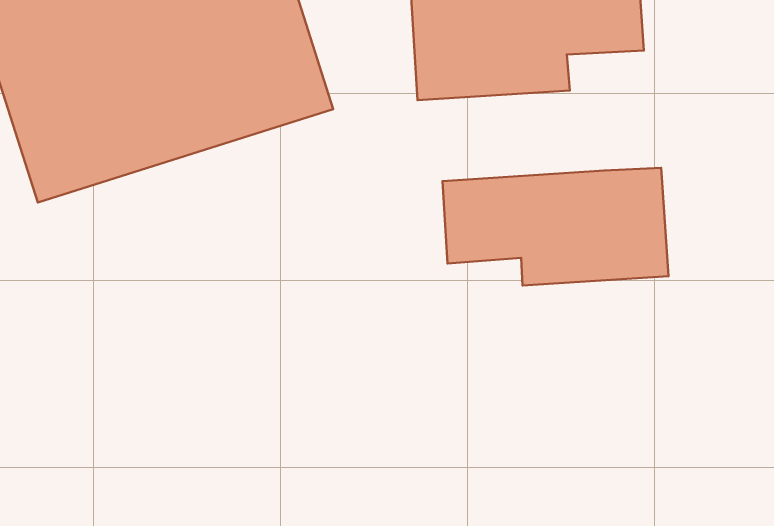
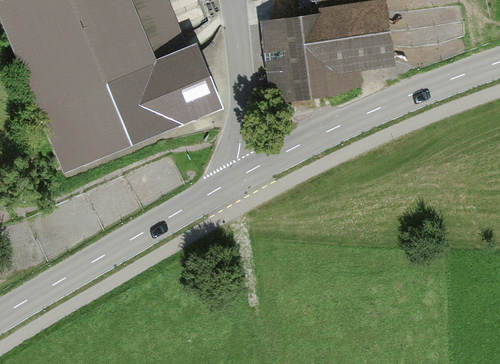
building: [443,168,669,285] -> none

